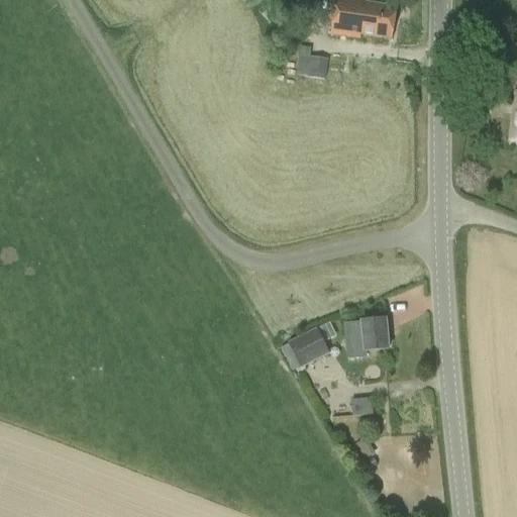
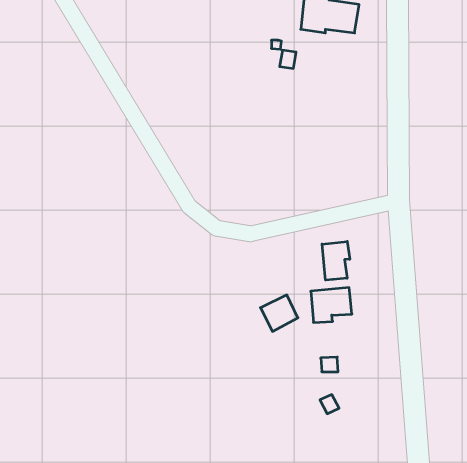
building: none -> [322,241,350,280]

